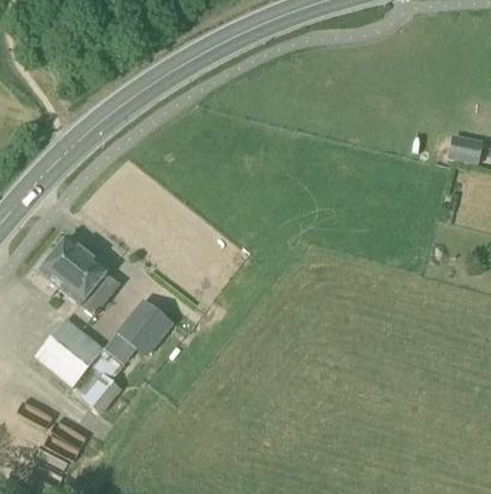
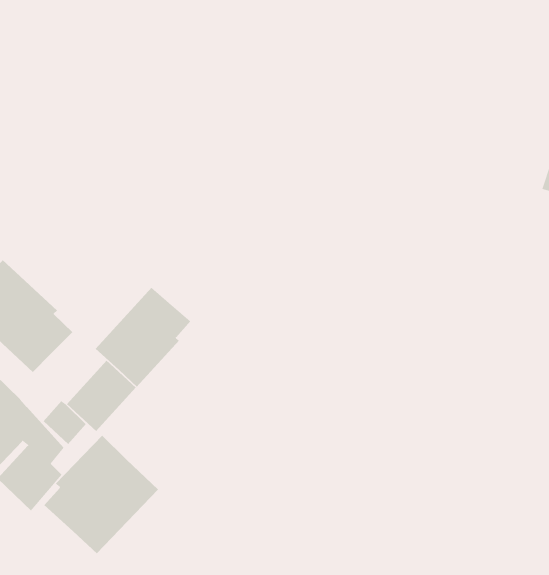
building: none -> [95,287,191,387]
building: none -> [44,435,159,554]

